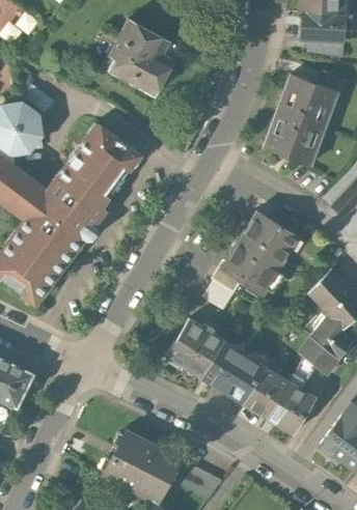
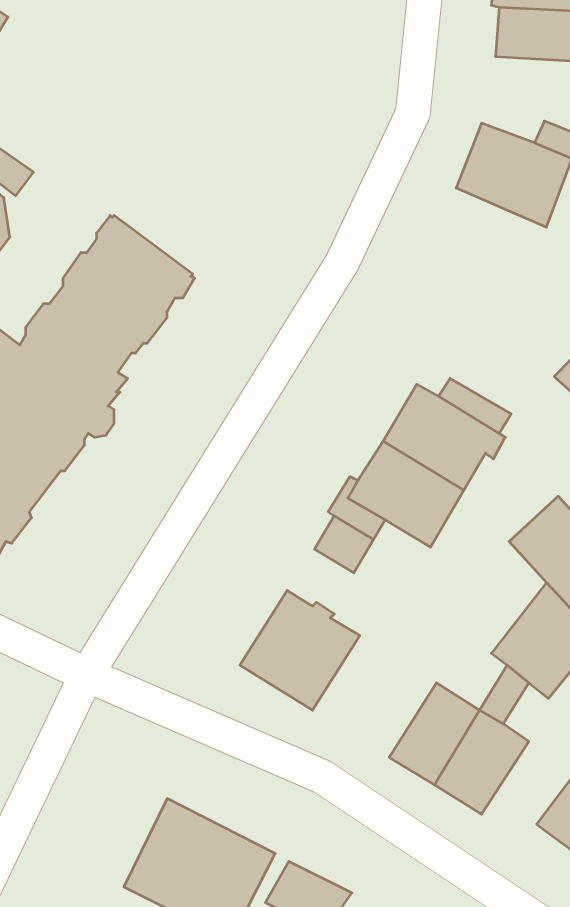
building: [103,17,175,93] -> none
building: [263,108,325,164] -> none
building: [201,344,267,408] -> none

